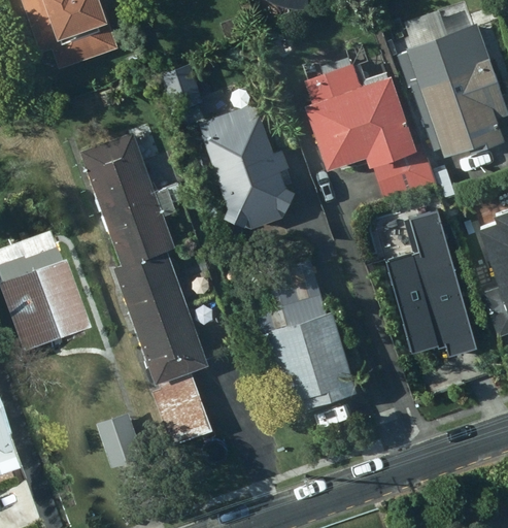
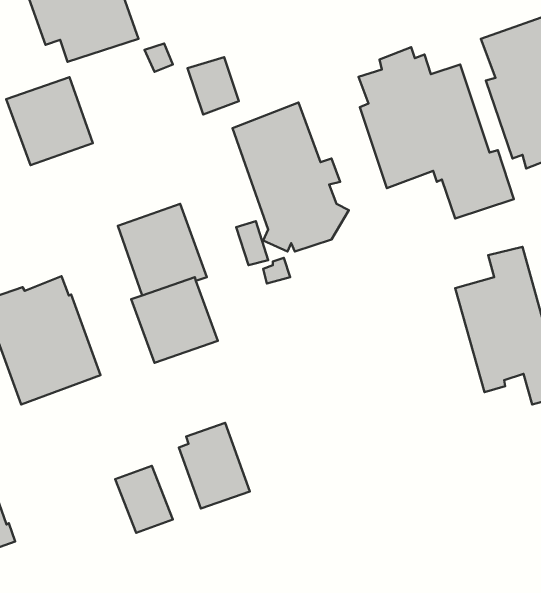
building: [80,131,154,205] -> [6,77,93,165]
building: [256,257,357,408] -> none
building: [132,302,208,385] -> none

